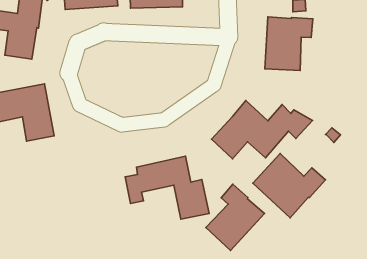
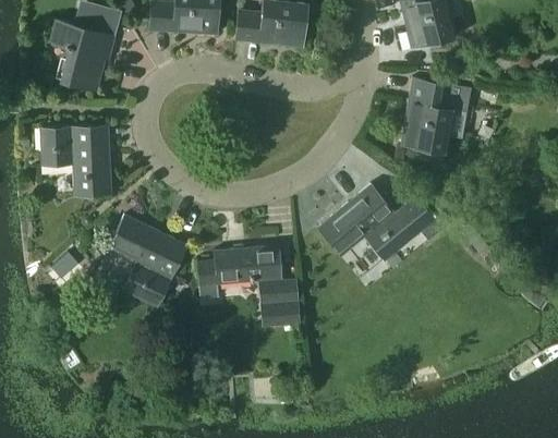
building: none -> [108,215,189,308]
building: [253,153,326,218] -> none
building: [206,184,264,250] -> none

